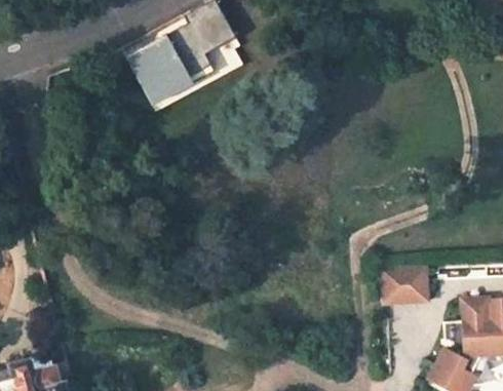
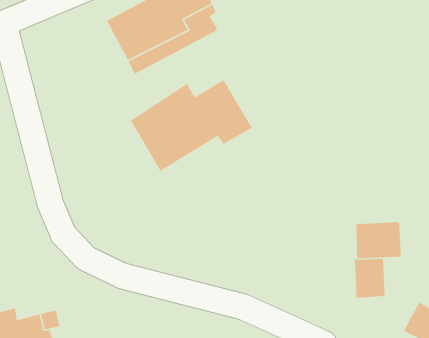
building: none -> [130,79,253,172]
building: none -> [354,258,385,298]

